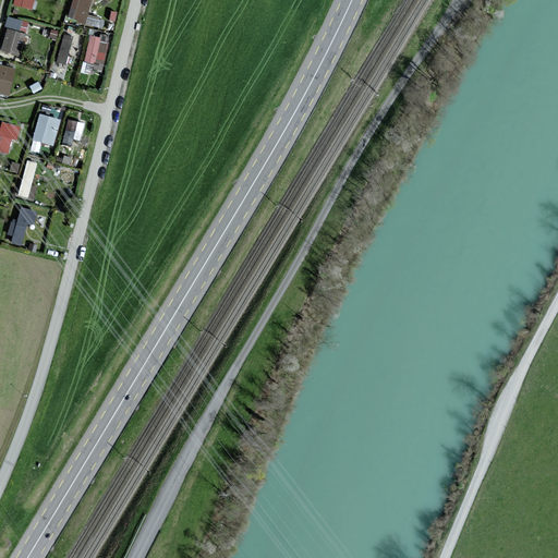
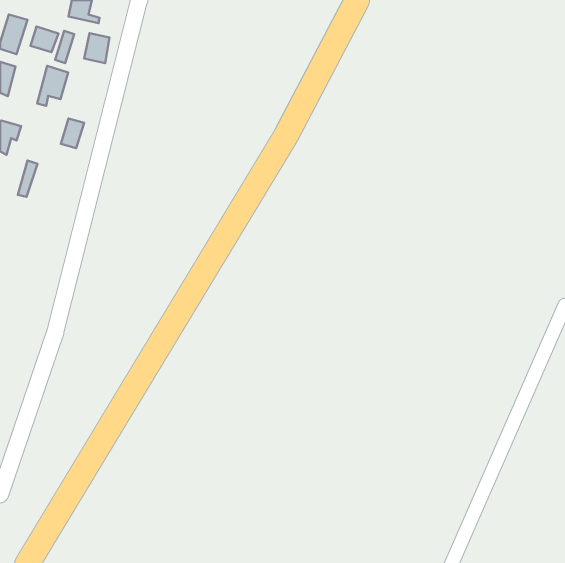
building: none -> [31,27,59,52]
building: [29,112,60,151] -> [37,66,68,106]
building: [7,207,36,245] -> none

